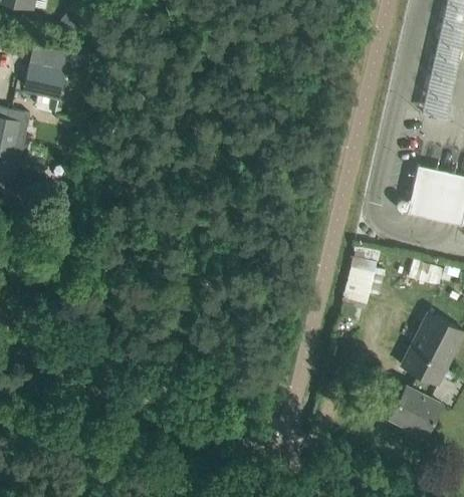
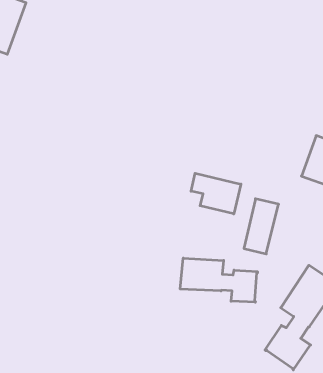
building: none -> [191,173,241,214]
building: none -> [180,258,258,302]

